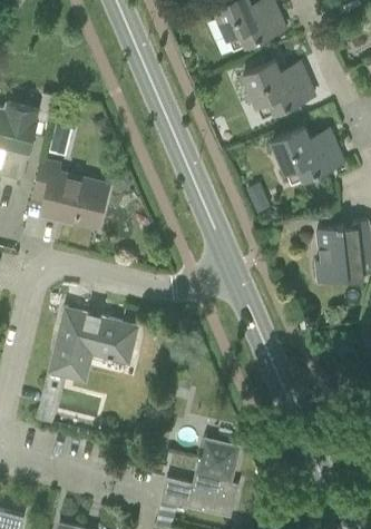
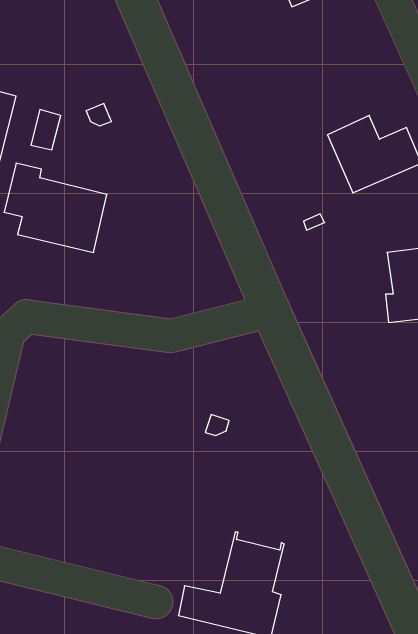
building: [244,60,314,112] -> none
building: [37,308,138,422] -> none

